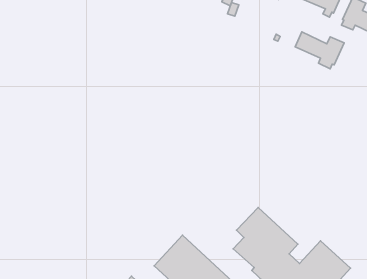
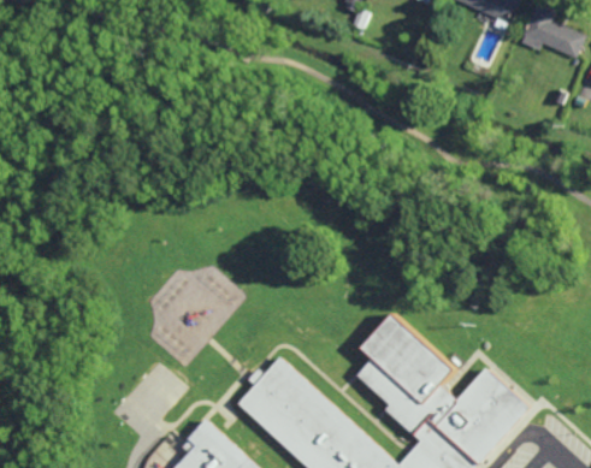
building: [295,32,344,69] -> none

